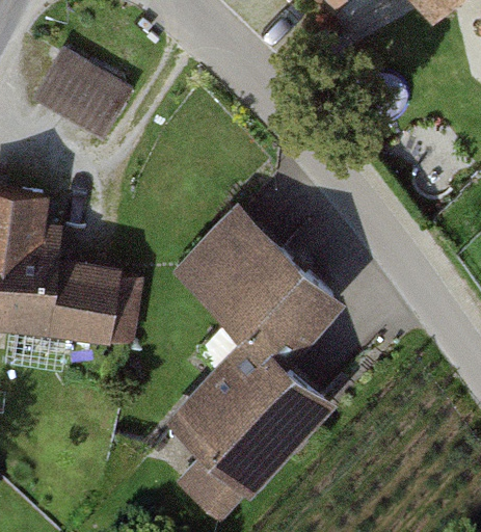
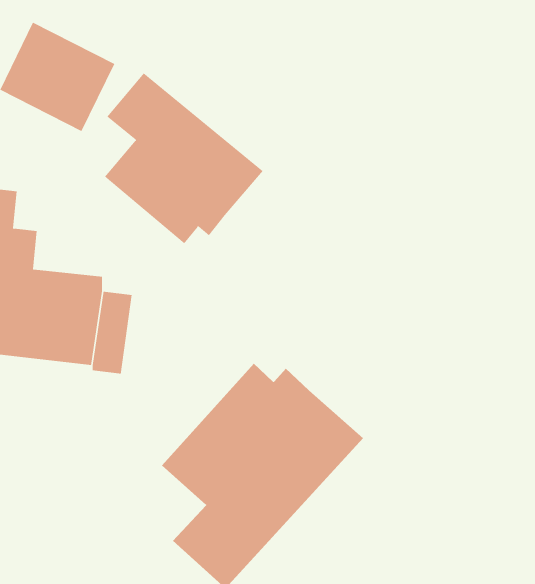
building: none -> [104,72,263,244]
building: [170,208,344,362] -> none

